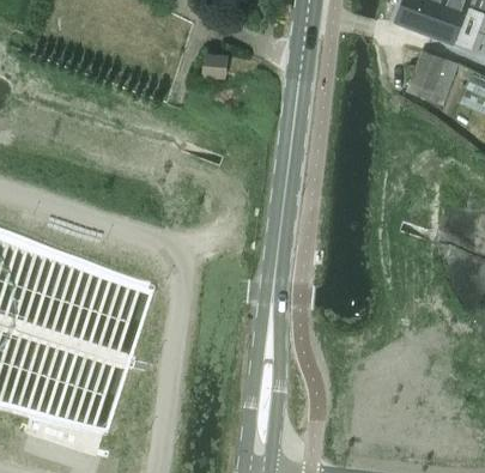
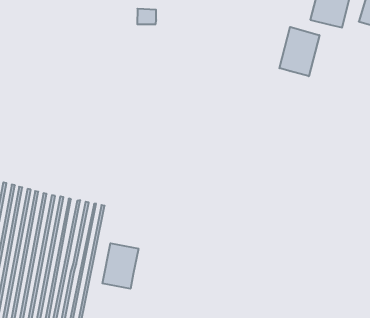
building: none -> [279,27,319,76]
building: none -> [102,243,138,289]

